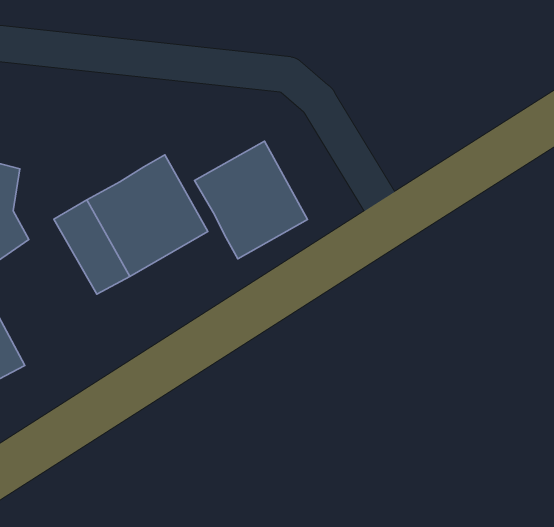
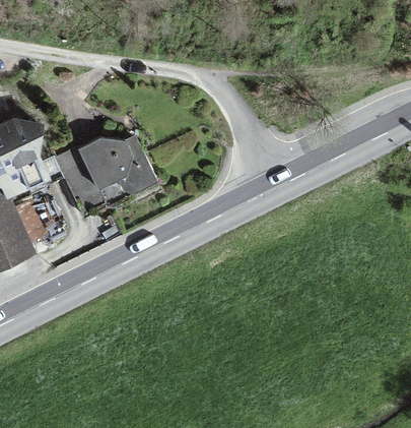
building: [195,141,308,259] -> none

